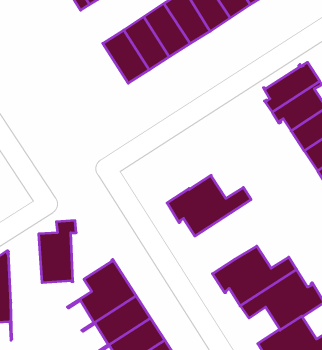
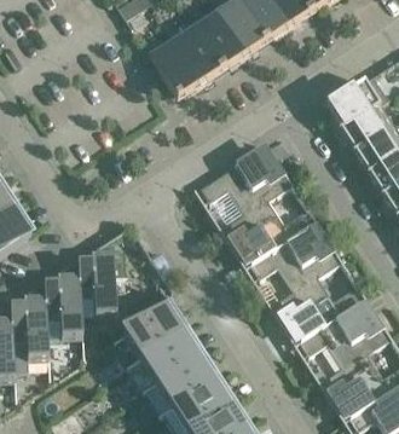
building: none -> [199,147,291,214]
building: none -> [249,225,341,290]
building: none -> [46,259,83,357]

